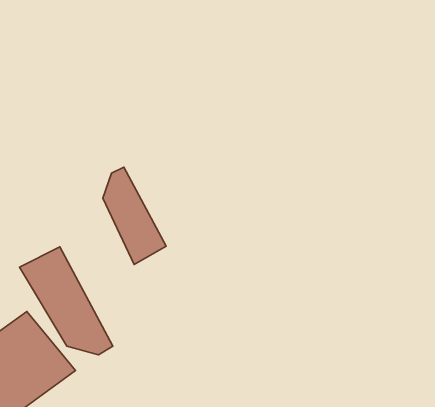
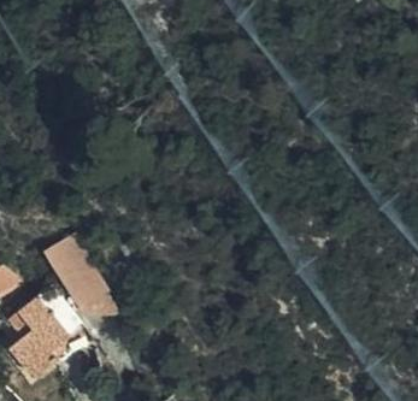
building: [103,167,166,264] -> none

